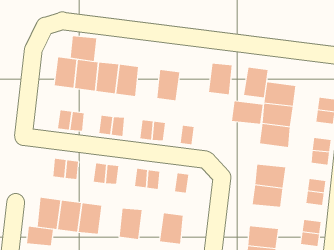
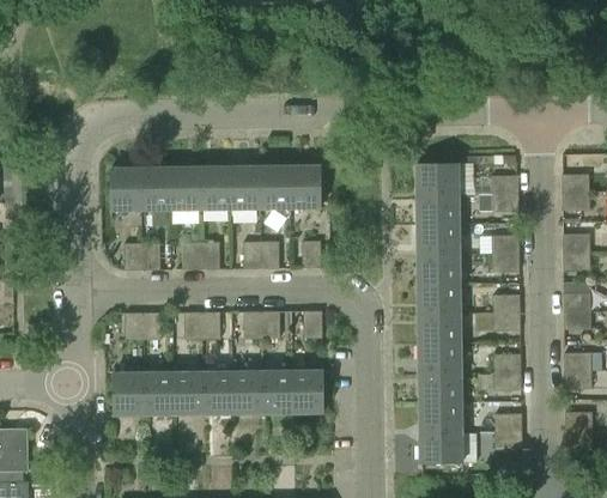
building: [70,35,97,62] -> none
building: [208,63,233,95] -> [290,165,321,208]
building: none -> [230,166,261,209]
building: [244,67,268,98] -> none
building: [231,101,264,124] -> [417,254,460,284]
building: none -> [418,341,461,374]
building: none -> [204,372,233,414]
building: none -> [262,371,292,414]
building: [27,226,54,246] -> none

